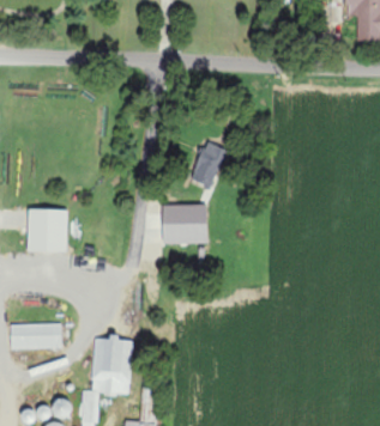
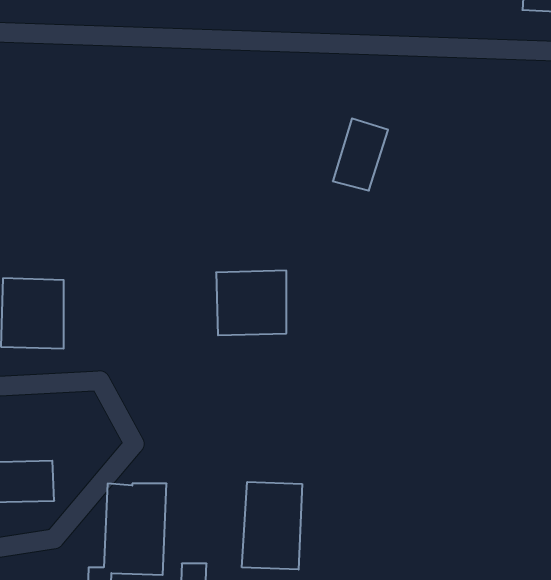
building: [192,141,227,187] -> [333,118,388,191]
building: none -> [242,482,302,570]

